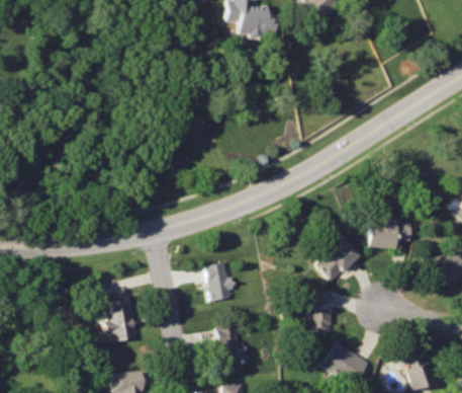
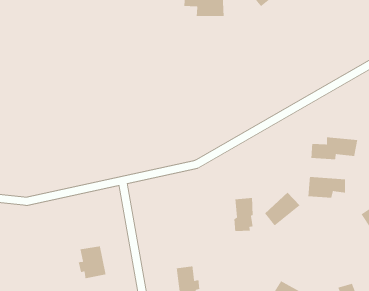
building: none -> [311,137,358,160]
building: [202,263,235,303] -> none
building: [308,291,332,331] -> [234,197,254,232]

